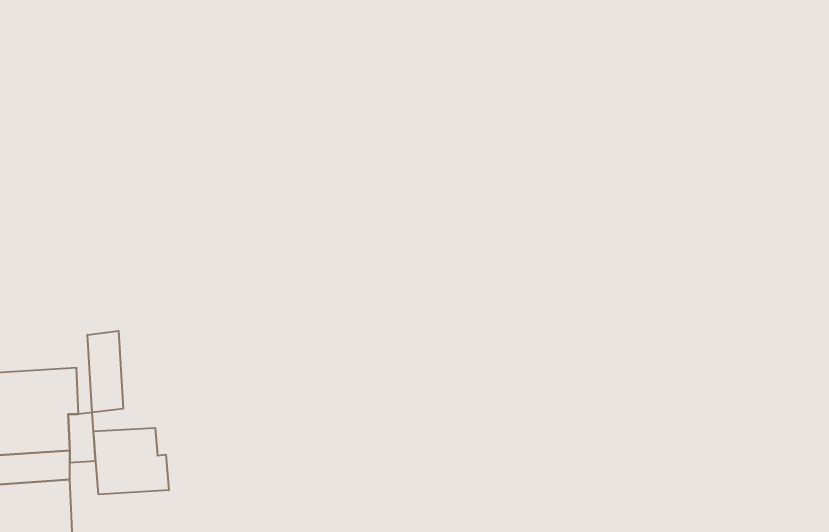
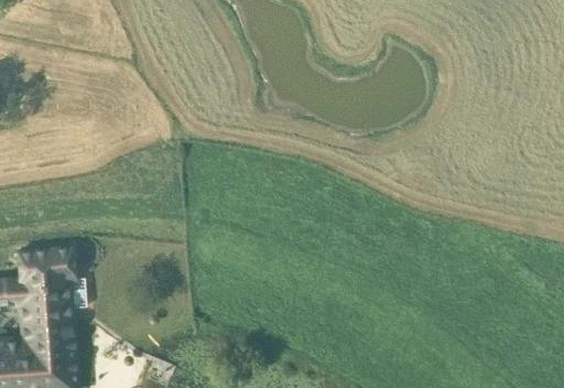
building: [87,331,123,413] -> none
building: [93,428,169,494] -> none

